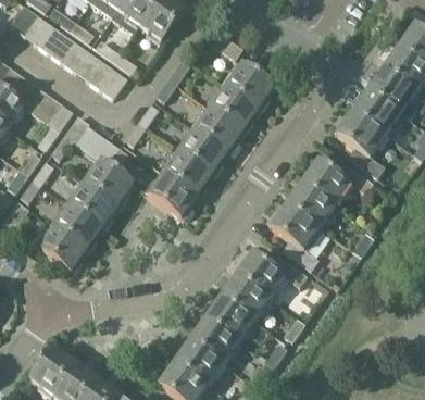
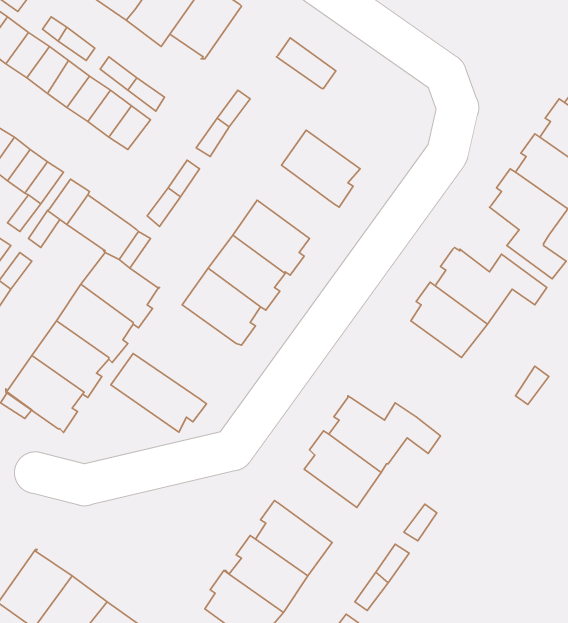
building: [224,61,274,110] -> none
building: [193,105,241,153] -> none
building: [272,200,321,268] -> none
building: none -> [111,353,206,432]
building: [208,292,255,340] -> none

